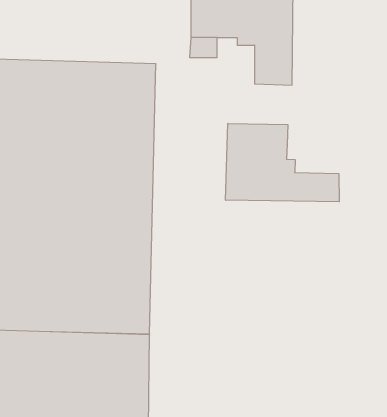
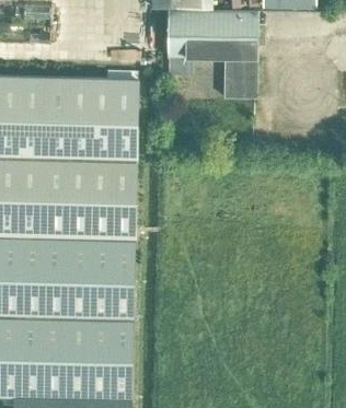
building: [226,123,339,202] -> none

